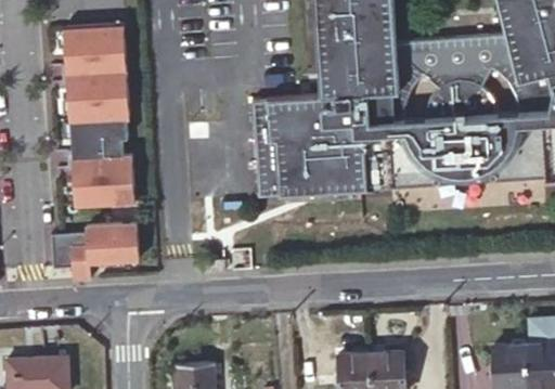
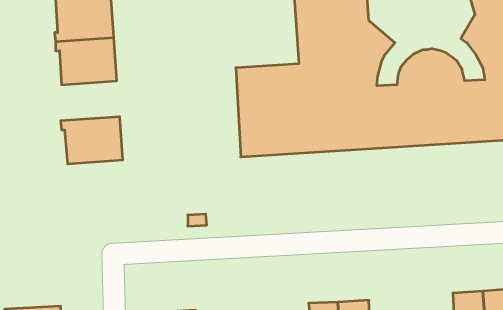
building: [401,35,516,74] -> none
building: [67,115,127,158] -> none
building: [50,223,139,282] -> none

